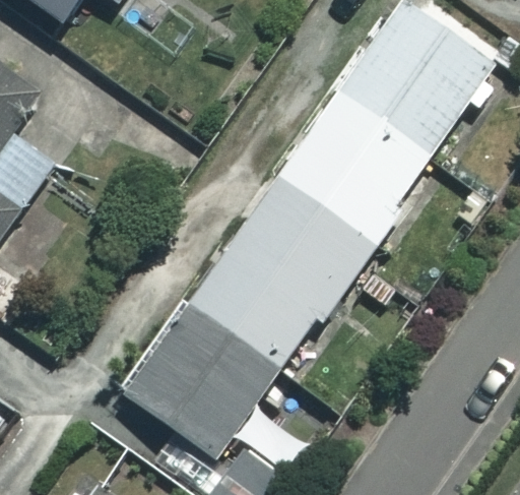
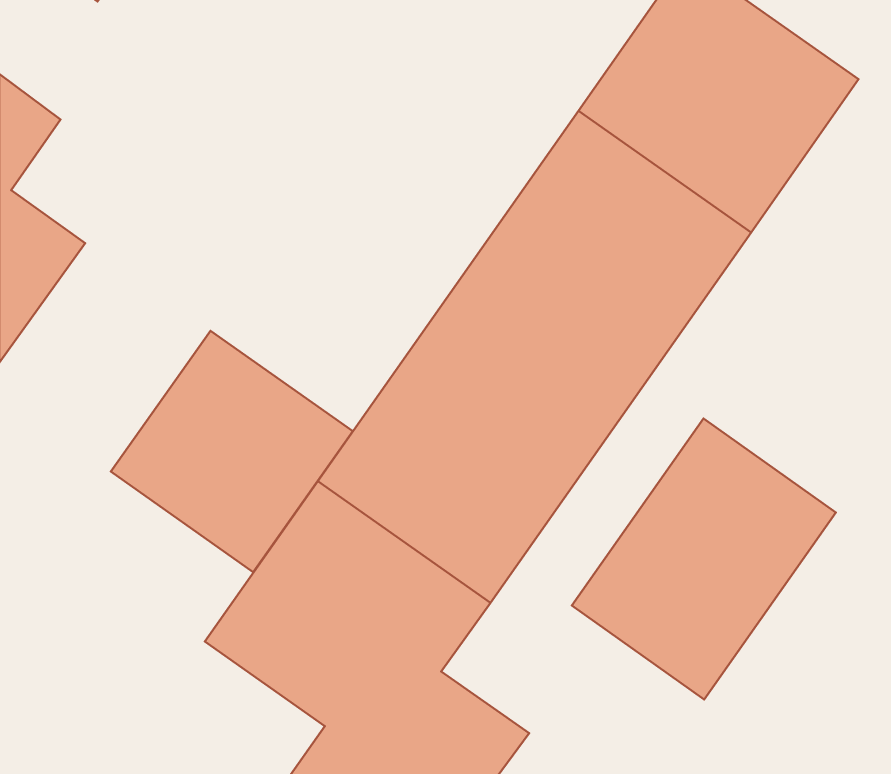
building: none -> [111,331,353,572]
building: none -> [572,419,836,699]

